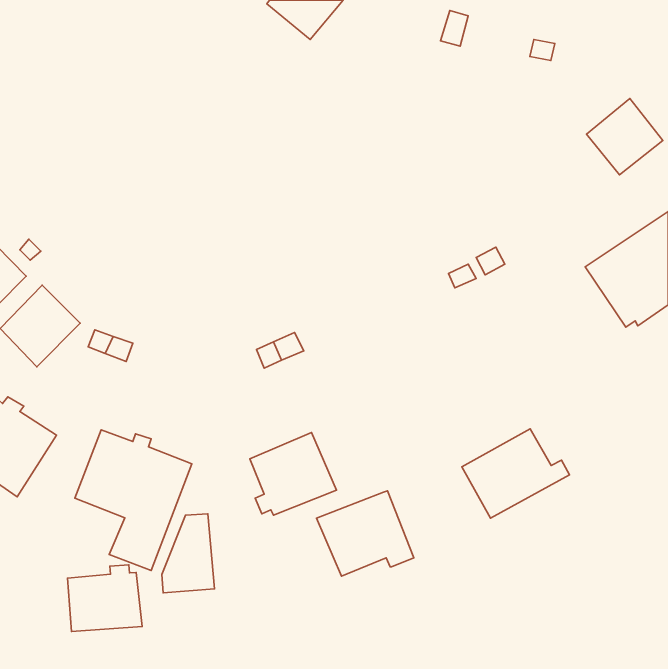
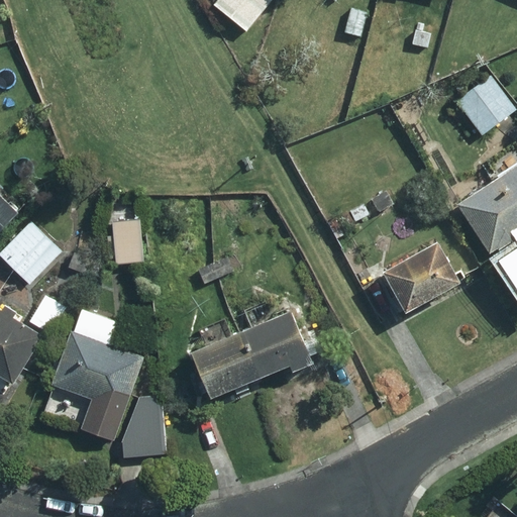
building: none -> [113,205,145,263]
building: [462,429,570,518] -> [375,246,457,315]
building: [316,491,414,576] -> [239,313,314,379]
building: [67,565,142,632] -> none

